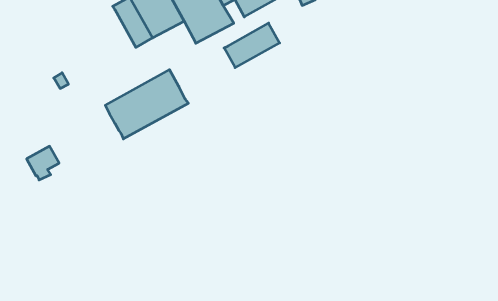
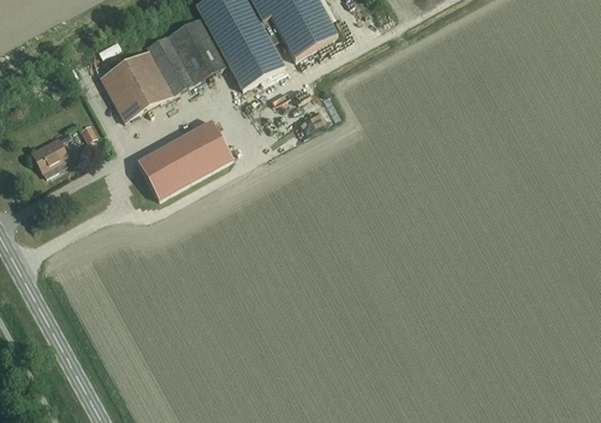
building: none -> [100,50,173,120]
building: [224,23,280,68] -> none
building: [27,146,59,180] -> [31,137,69,175]

